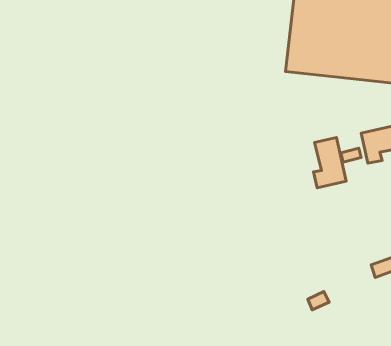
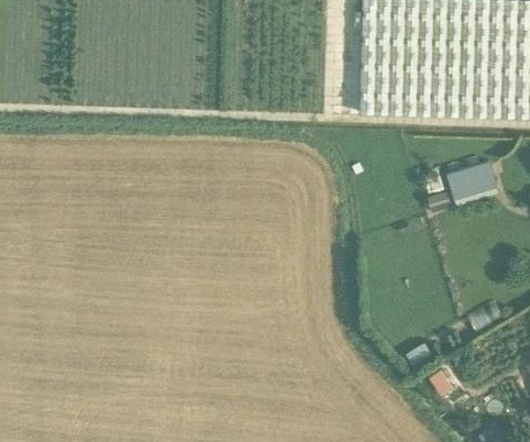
building: [313,138,346,188] -> none

